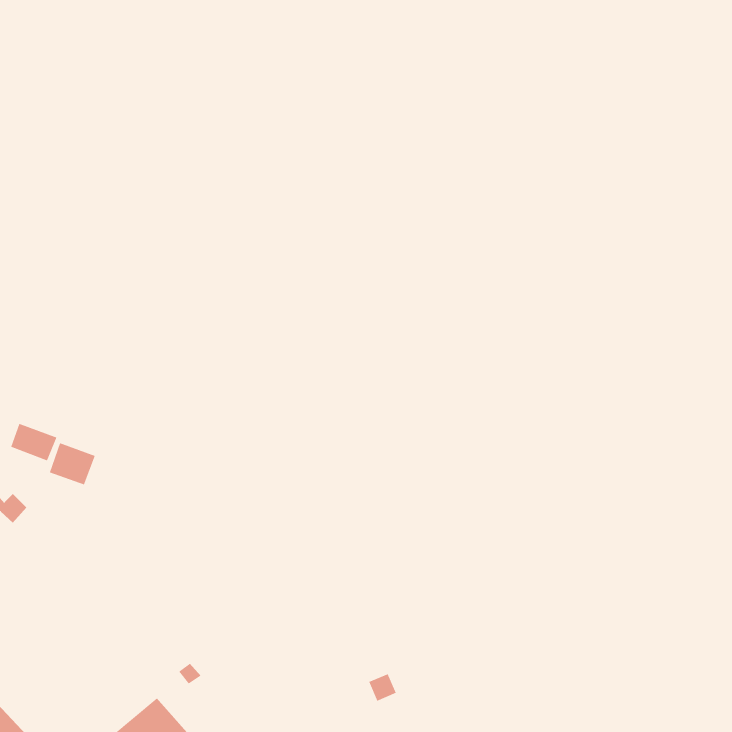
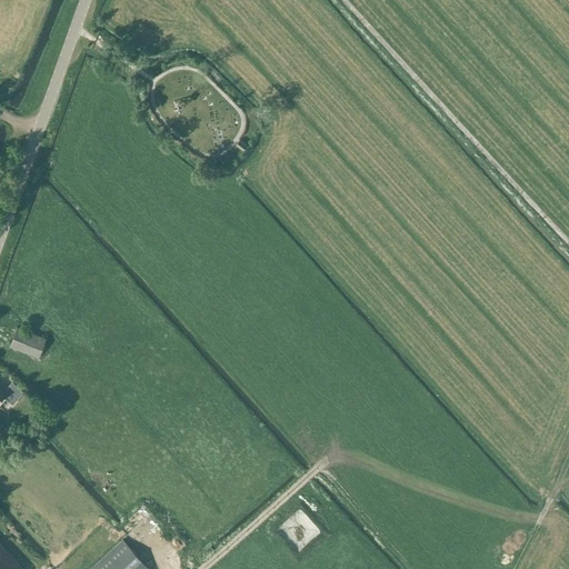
building: [49,442,96,485] -> none

